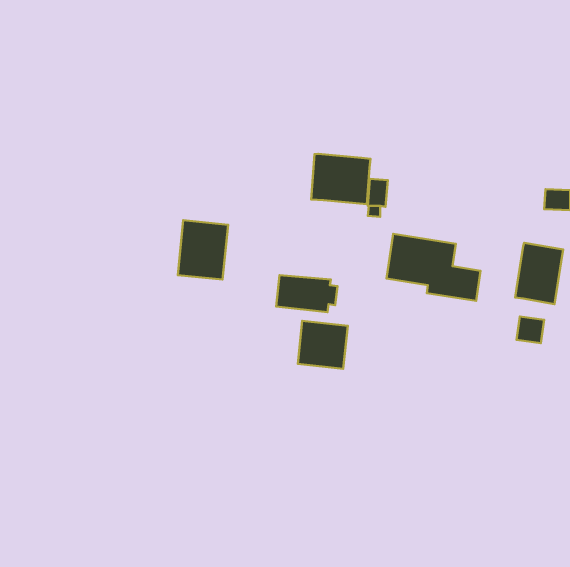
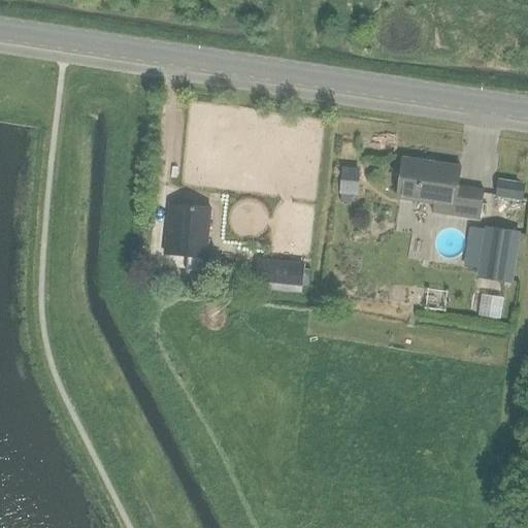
building: [311,154,370,204] -> none
building: [387,234,480,301] -> [396,157,483,219]
building: [298,321,348,369] -> none

